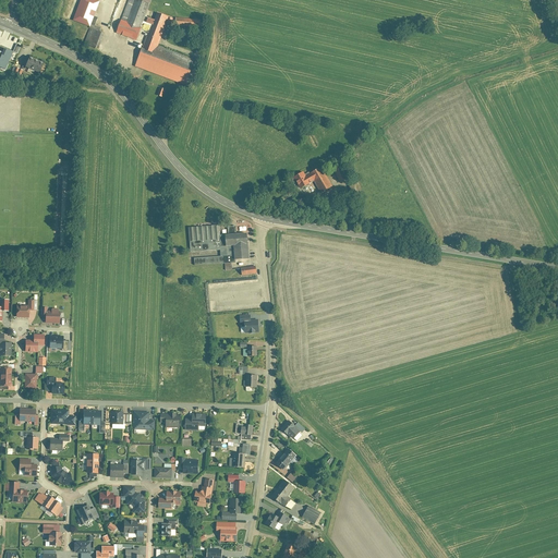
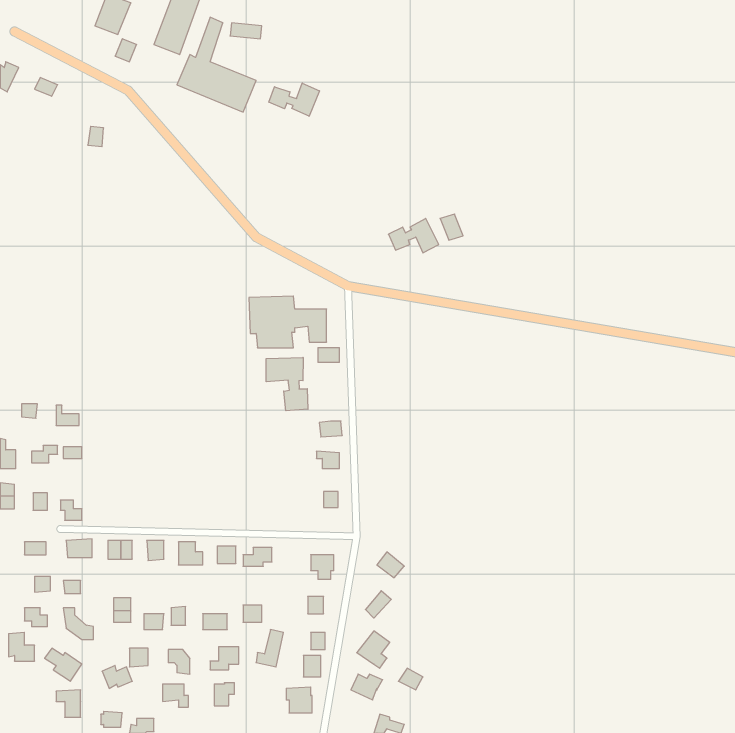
building: none -> [269,83,319,116]
building: none -> [266,357,308,411]

